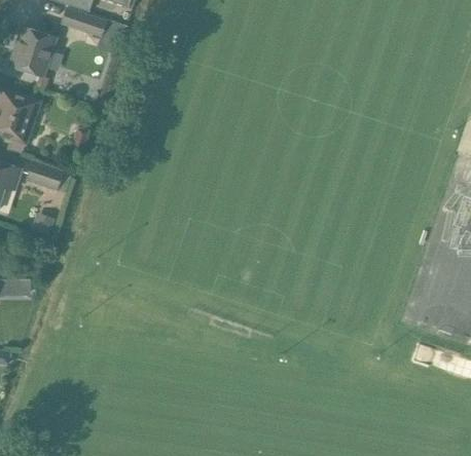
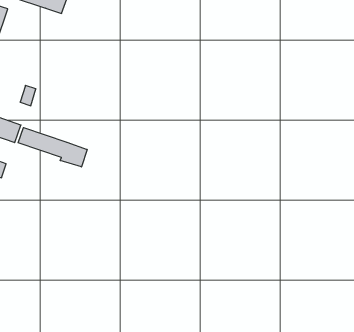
building: none -> [18,128,87,167]

